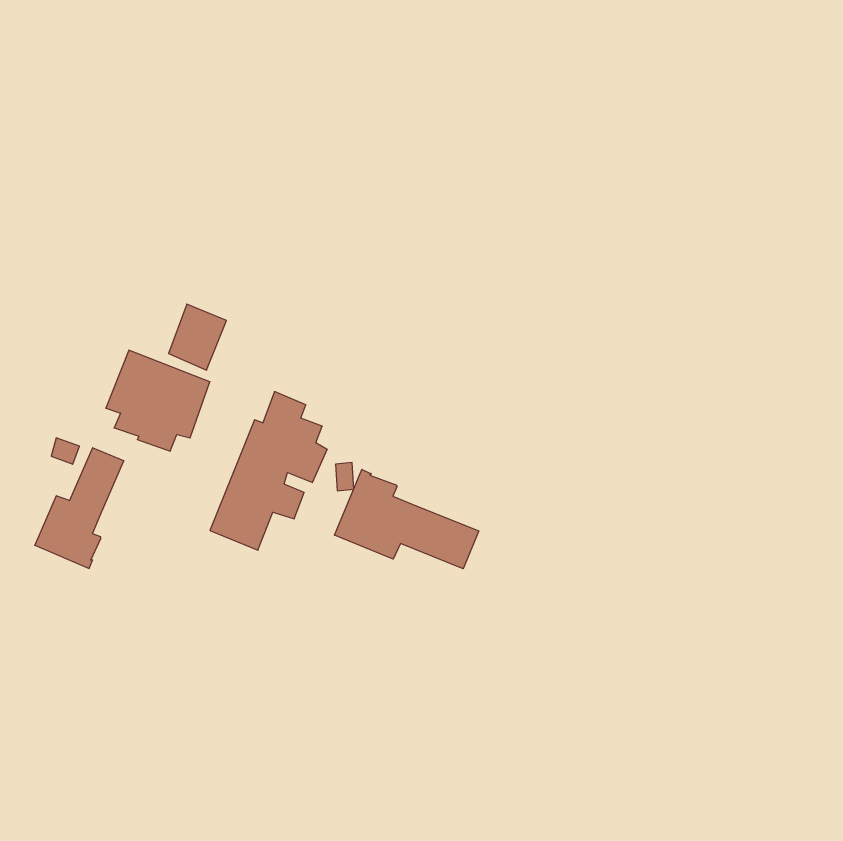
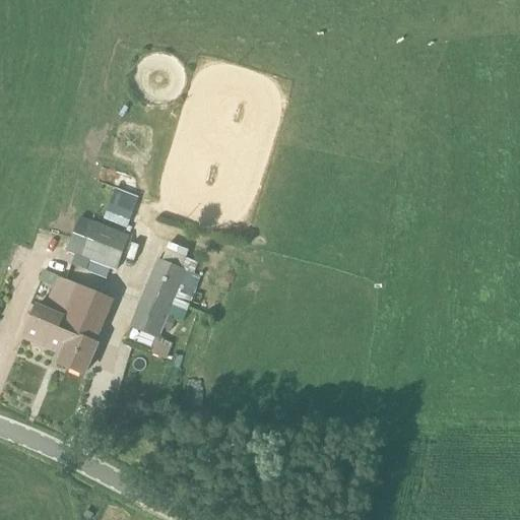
building: none -> [57,283,114,373]
building: [335,469,479,569] -> none

